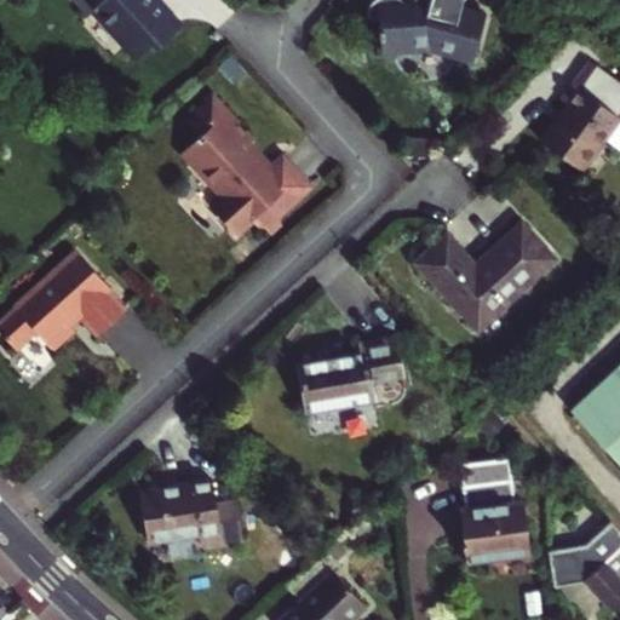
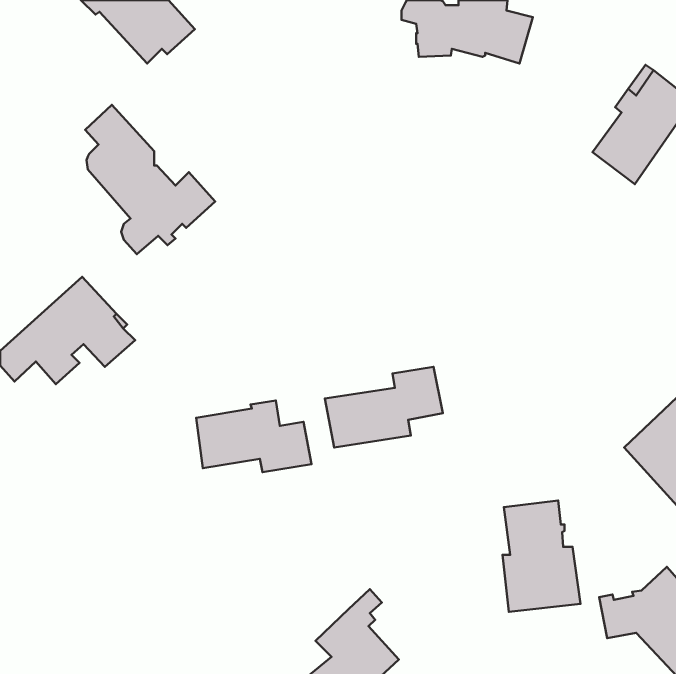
building: [189,101,308,237] -> [85,105,215,254]
building: [418,224,556,332] -> none
building: [140,480,246,545] -> [196,401,312,472]

